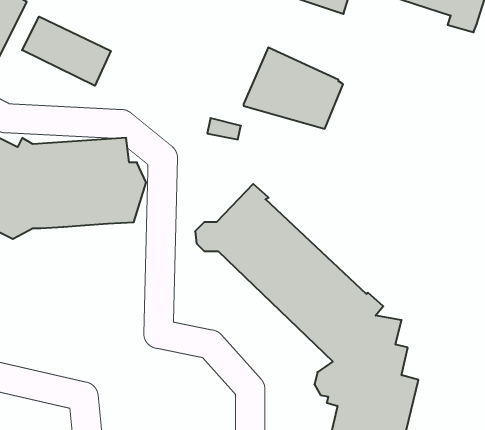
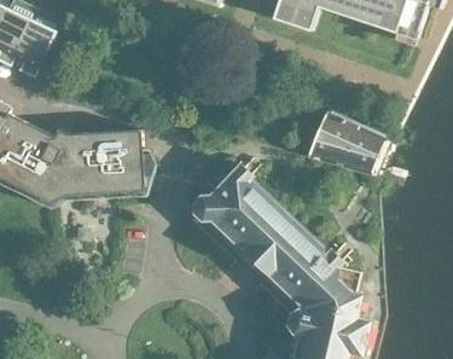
building: [22,17,111,86] -> none
building: [244,48,343,129] -> [302,109,381,173]

